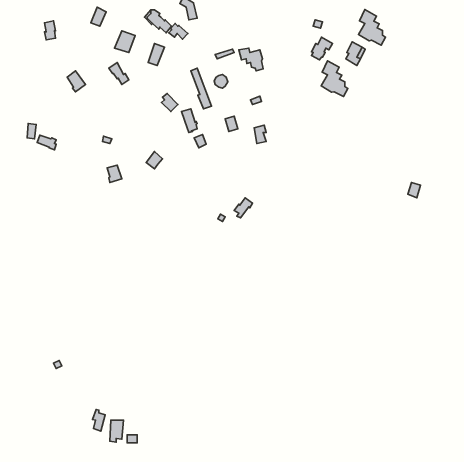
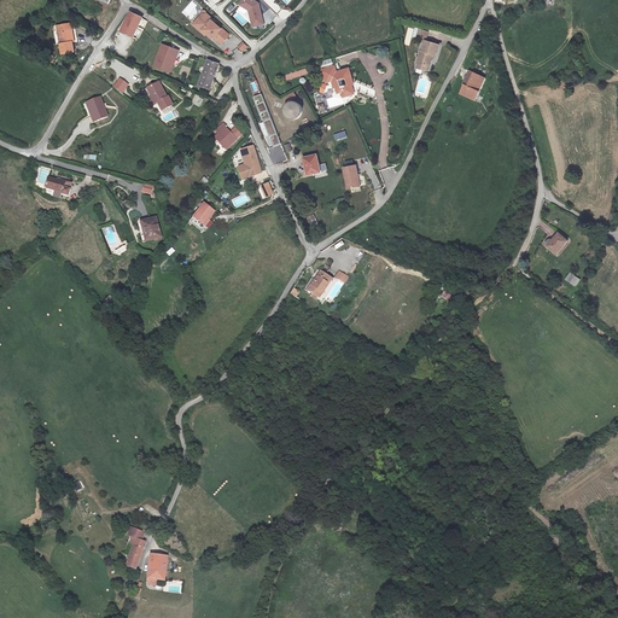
building: [359,9,386,45] -> none
building: [321,61,348,97] -> none

